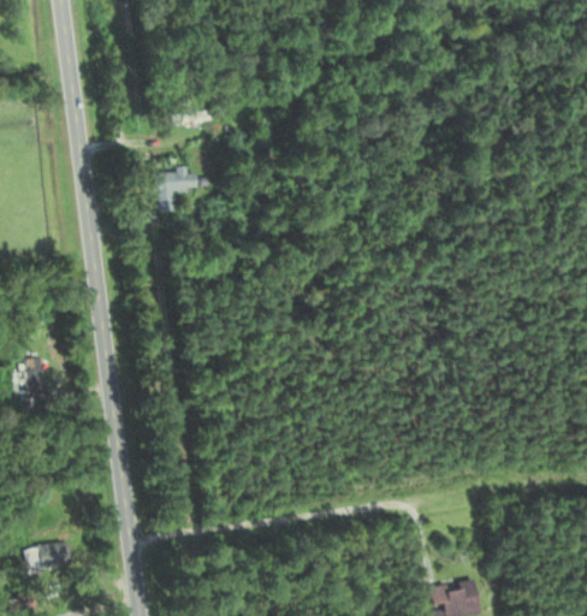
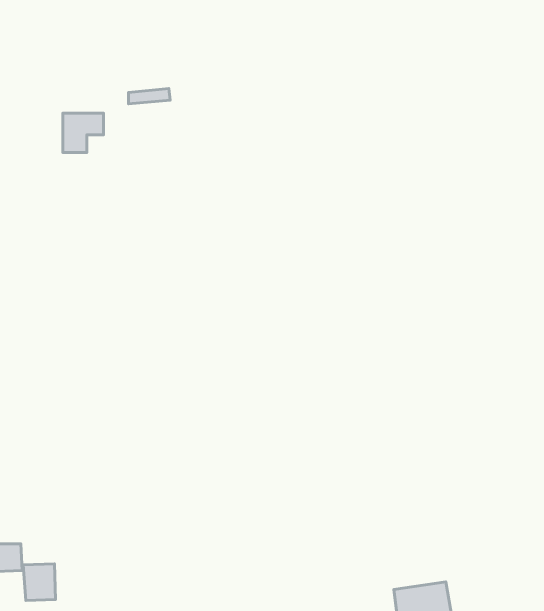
building: [150,172,189,209] -> [63,113,103,152]
building: none -> [23,564,56,600]

